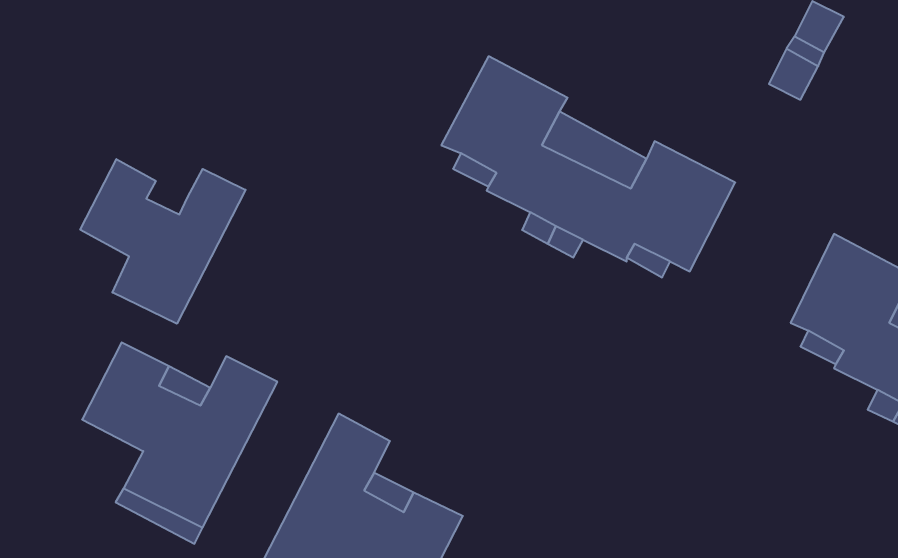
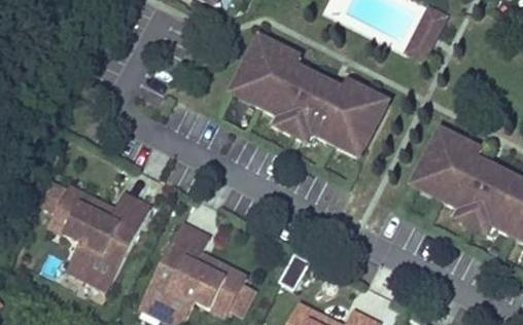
building: [80,159,246,324] -> none

